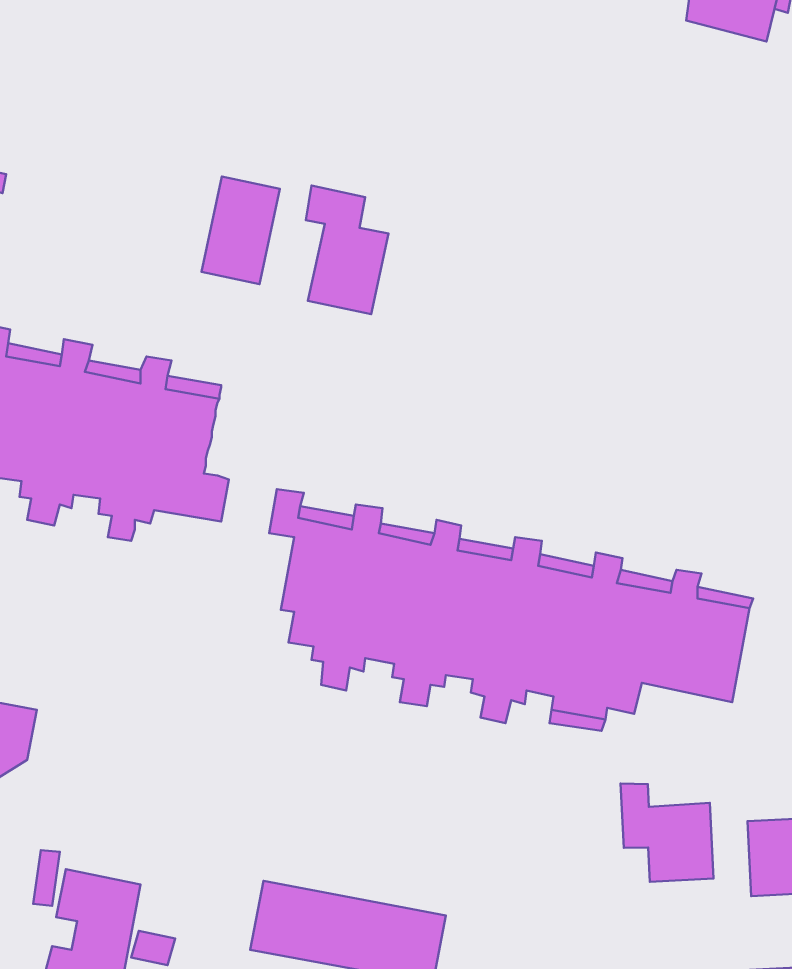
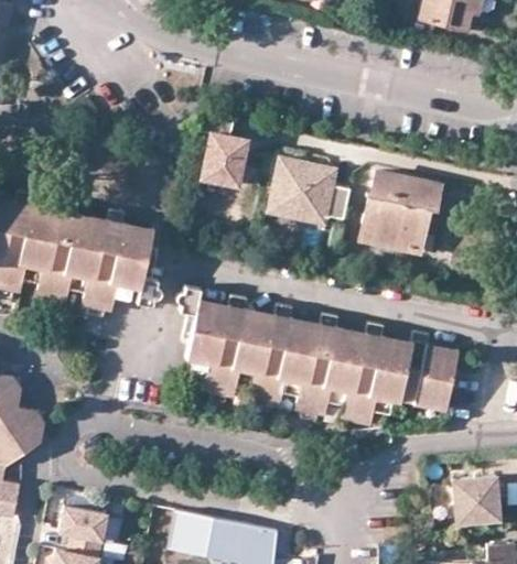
building: [202,176,280,284] -> none
building: none -> [268,161,349,226]
building: none -> [363,172,440,253]
building: [621,784,714,882] -> none

